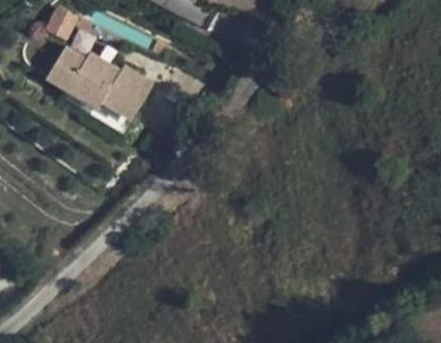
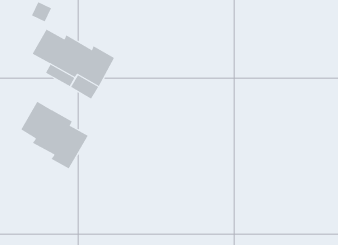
building: none -> [20,101,88,169]

